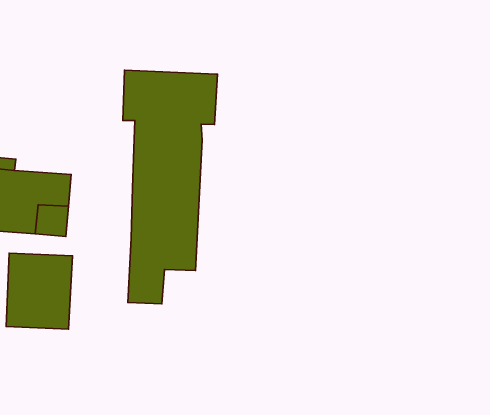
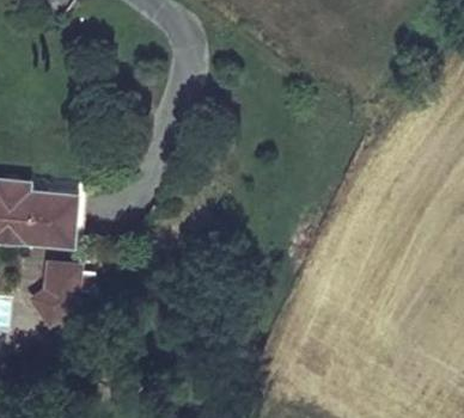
building: [123,70,218,304] -> none

